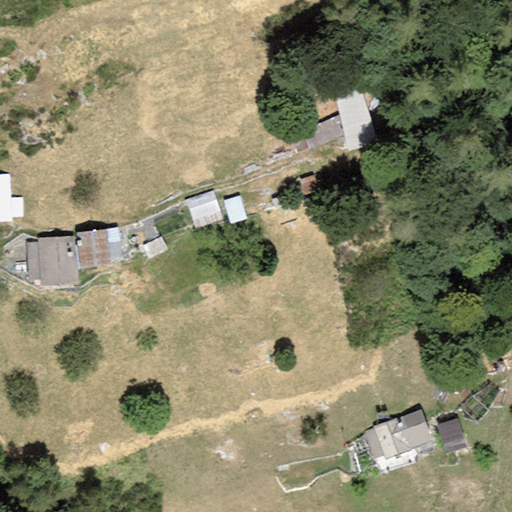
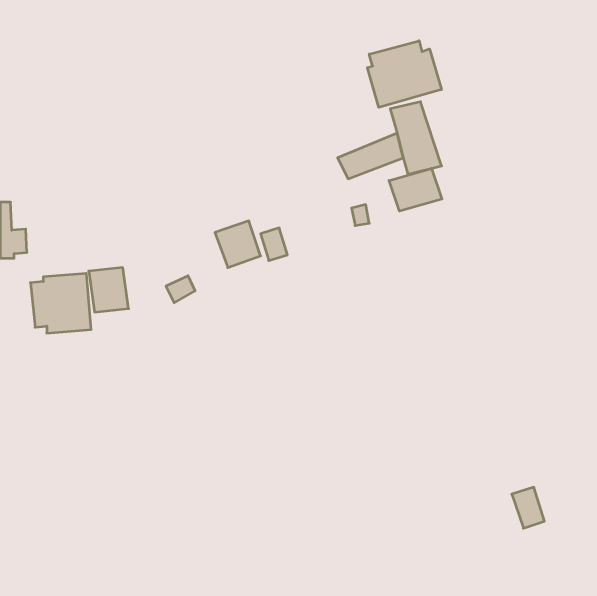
building: none -> [367,41,441,107]
building: none -> [389,168,442,211]
building: [363,409,431,459] -> none

